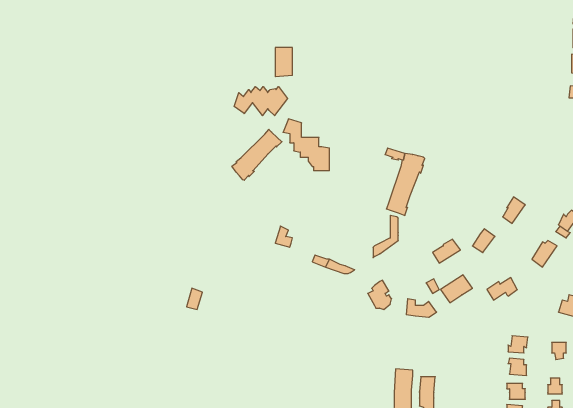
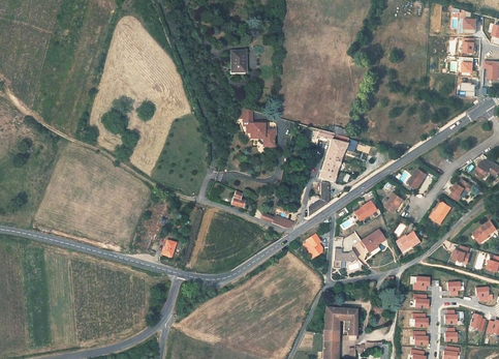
building: [234,87,288,116] -> none
building: [232,129,282,180] -> none

